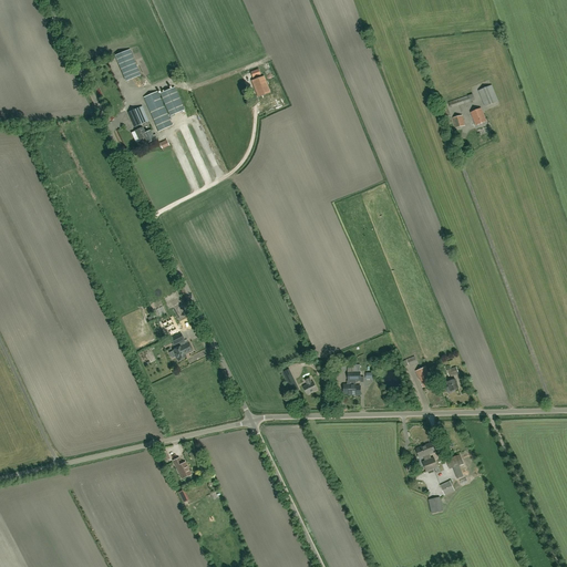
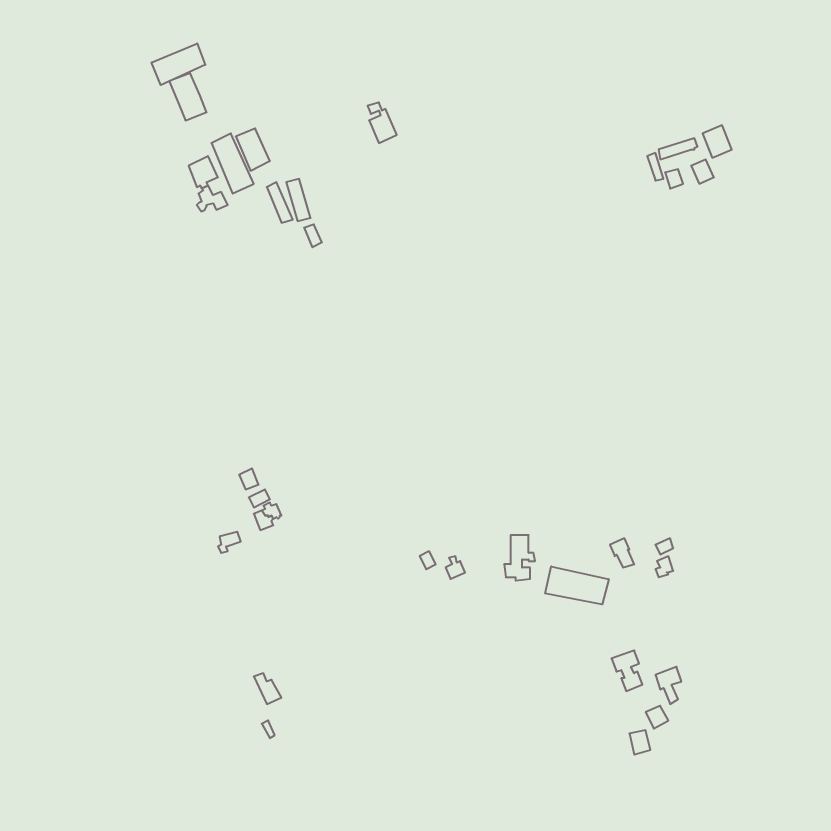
building: none -> [152,43,205,85]
building: none -> [545,566,609,604]

